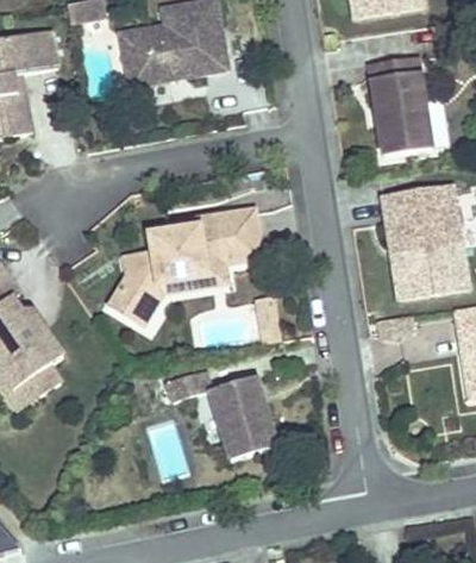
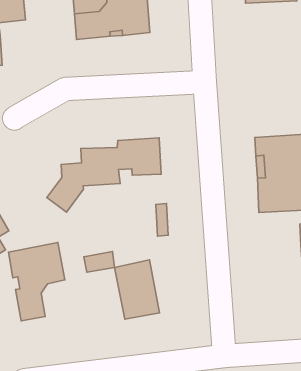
building: [370,57,432,157] -> none
building: [137,255,225,325] -> none
building: none -> [9,243,65,321]

